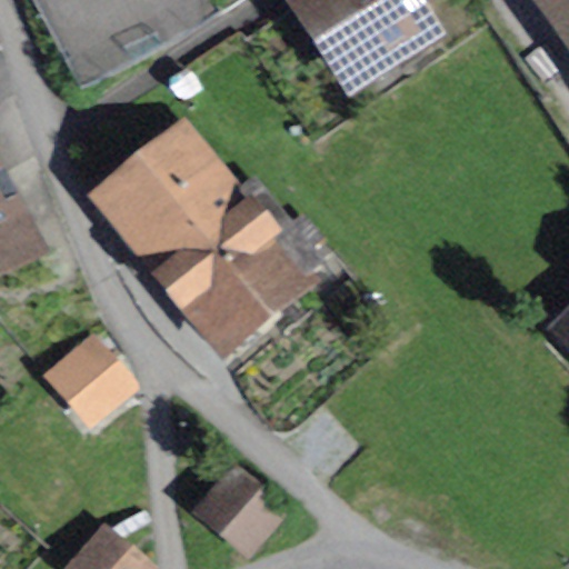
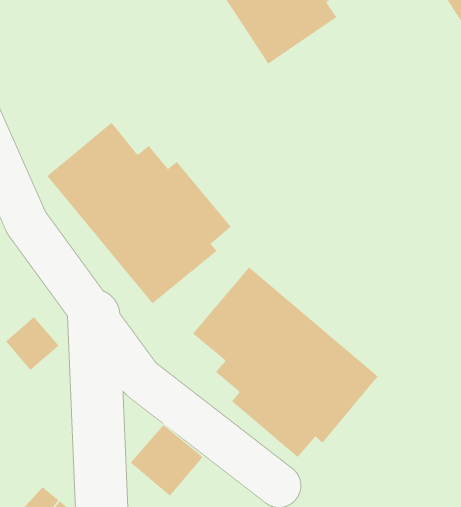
building: none -> [192,267,379,458]

